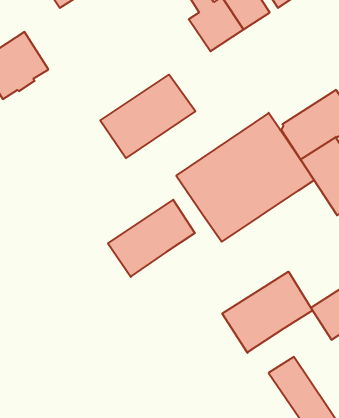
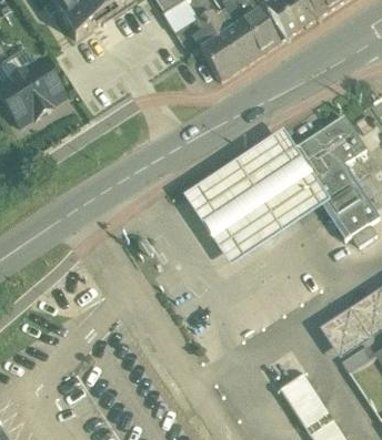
building: [100,75,195,158] -> none
building: [108,200,195,277] -> none
building: [222,272,313,353] -> none

